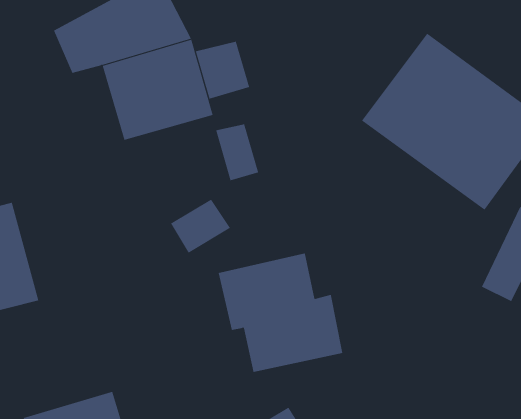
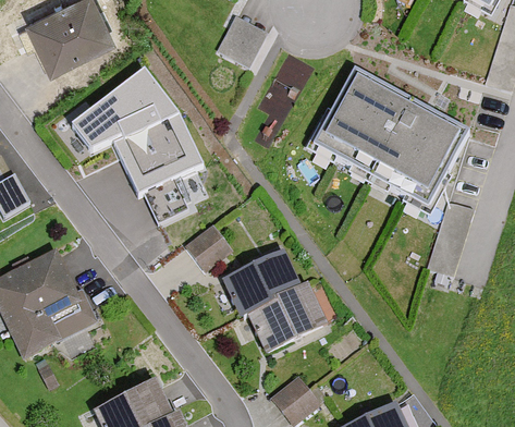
building: [195,41,250,99] -> none
building: [216,124,259,181] -> none

